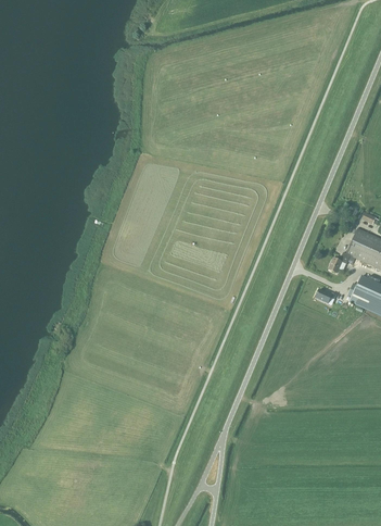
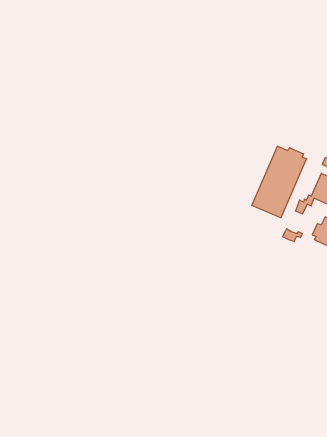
building: none -> [252,146,306,218]

